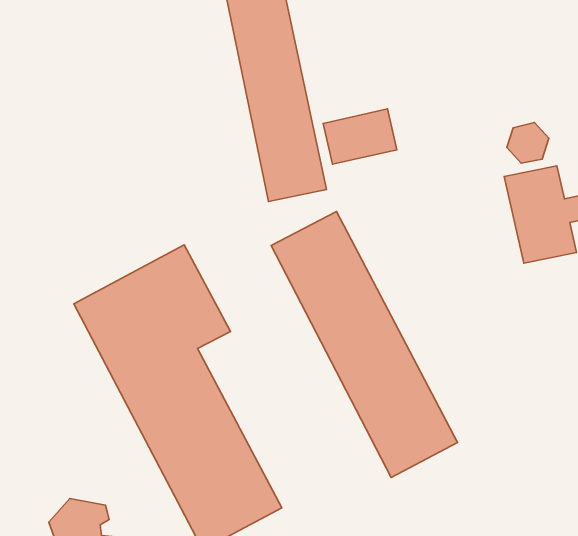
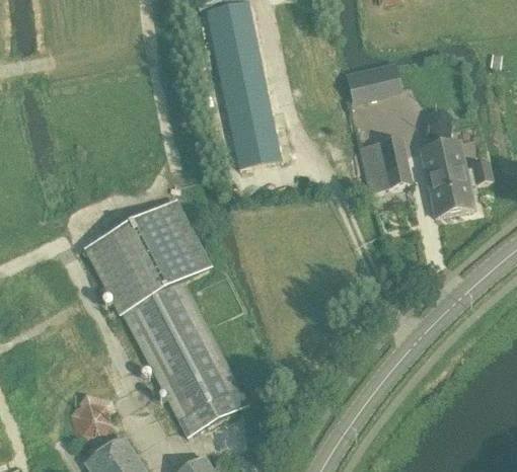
building: [323,109,397,164] -> [345,61,401,103]
building: none -> [359,138,411,190]
building: [271,211,458,478] -> none

